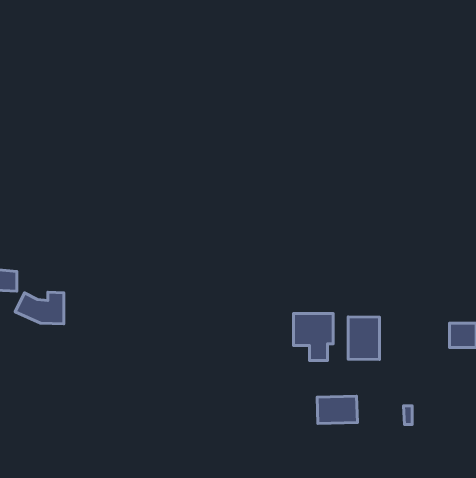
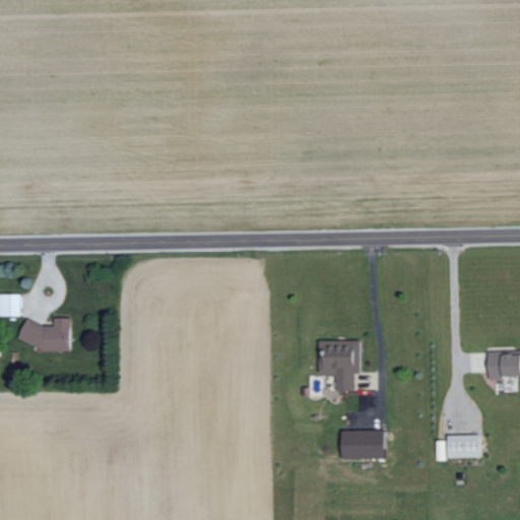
building: [348,317,379,360] -> none
building: none -> [448,435,481,459]

